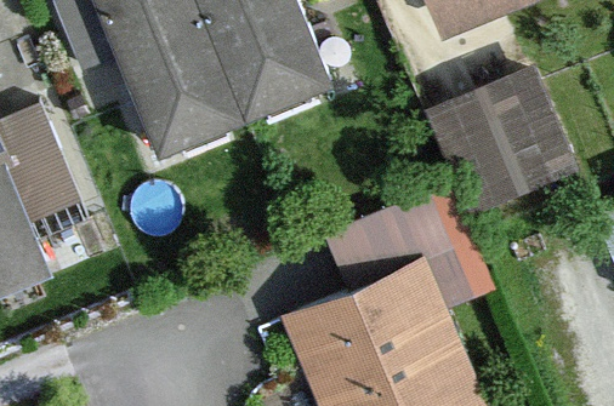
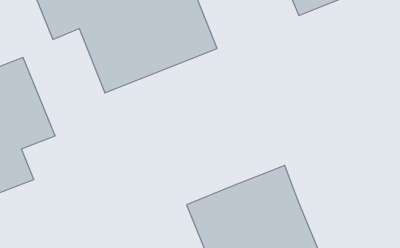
building: [426,65,578,213] -> none

